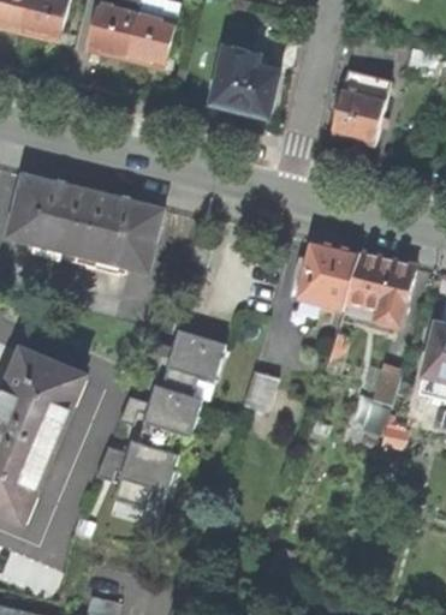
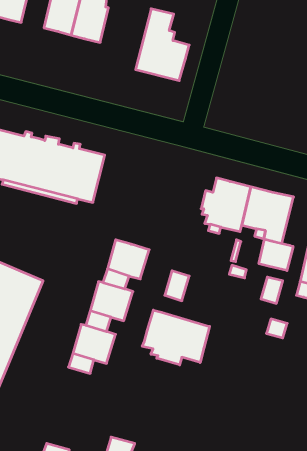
building: [331,65,387,139] -> none
building: none -> [259,239,293,271]
building: none -> [142,310,210,365]

